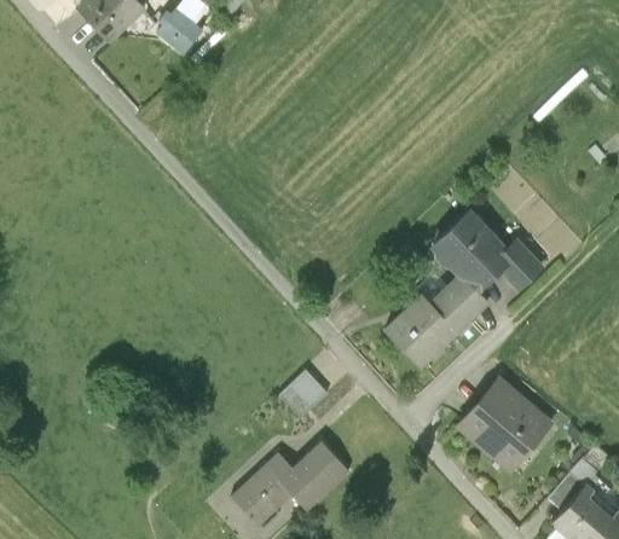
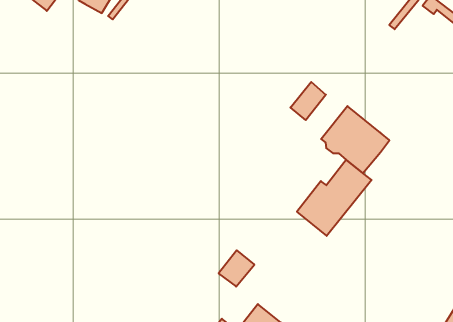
building: none -> [290,82,326,120]
building: [502,237,545,291] -> none
building: [458,377,559,476] -> none

